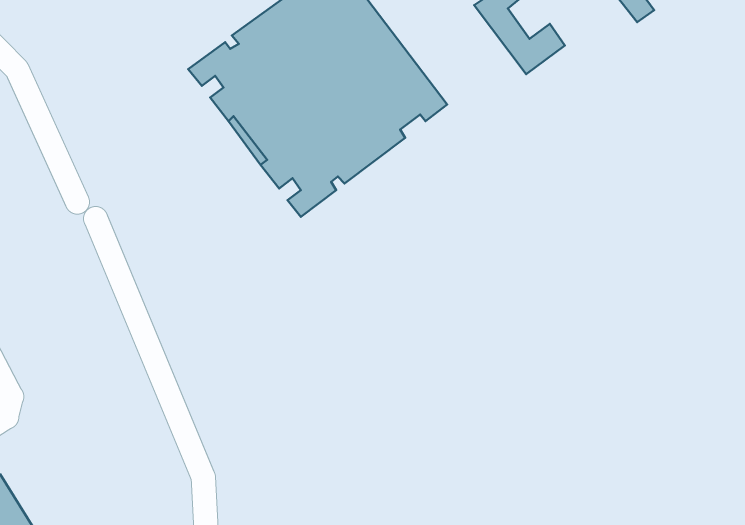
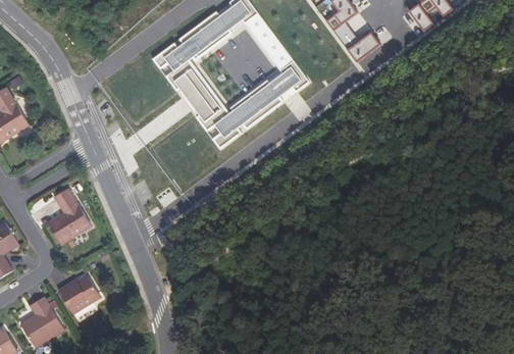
building: none -> [50,187,93,243]
building: none -> [51,282,93,321]

